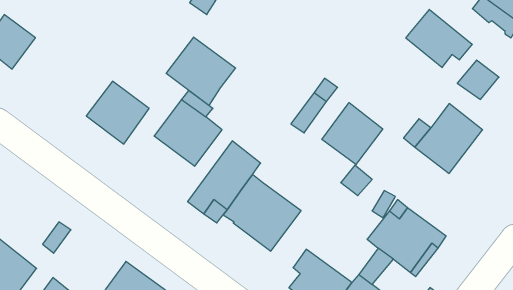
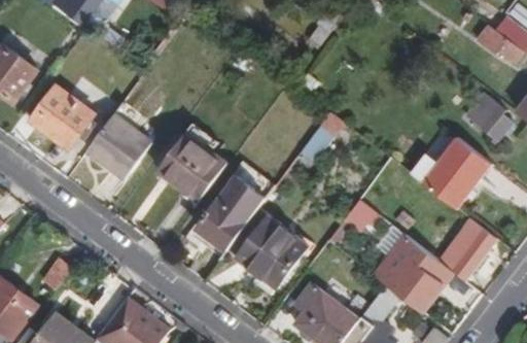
building: [406,9,472,68] -> none
building: [166,37,236,105] -> none
building: none -> [31,85,95,149]
building: [322,103,383,165] -> none
building: none -> [445,219,489,280]

